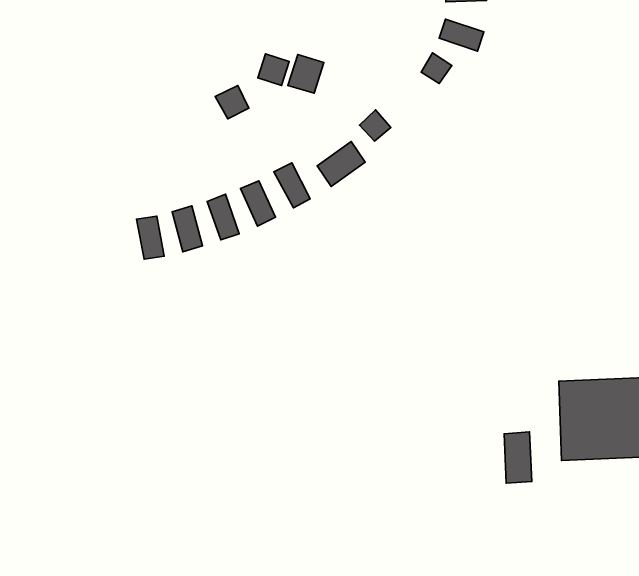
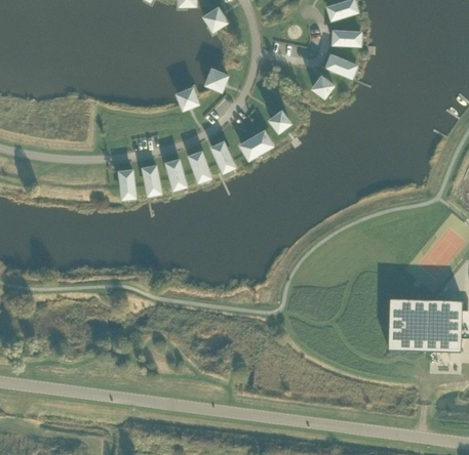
building: [288,55,324,93] -> none
building: [504,432,532,483] -> none

